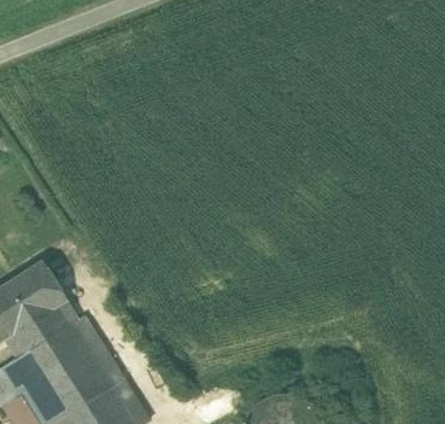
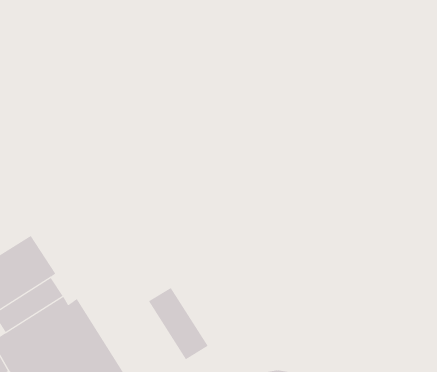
building: none -> [148,287,209,360]

